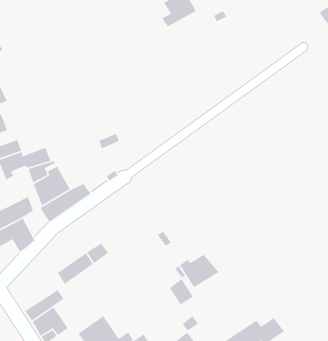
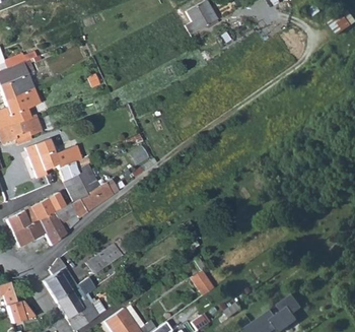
building: none -> [55,203,79,230]
building: [179,254,220,288] -> none
building: none -> [44,257,71,300]

